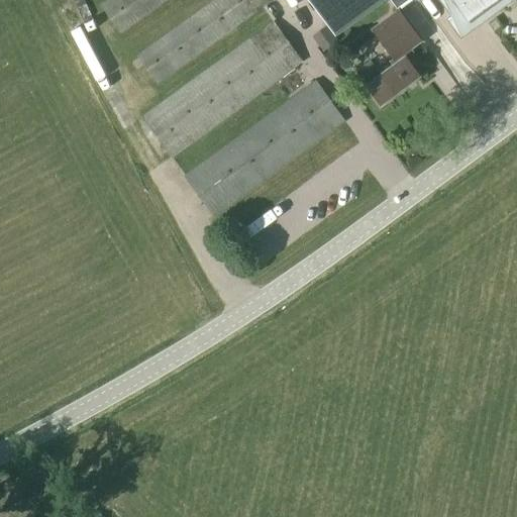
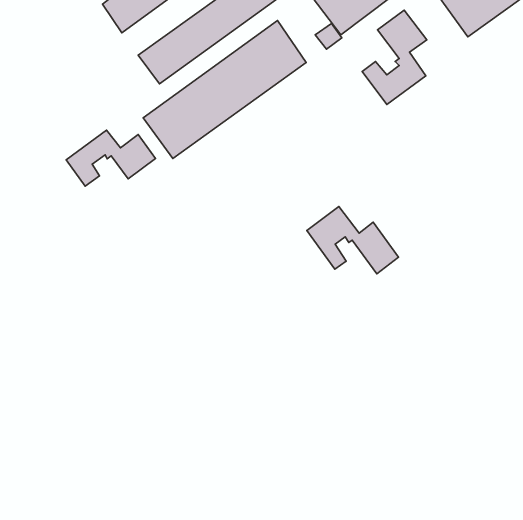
building: [184,79,344,217] -> none
building: none -> [66,130,155,186]
building: none -> [307,207,399,274]

